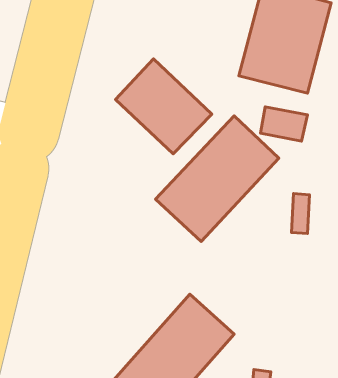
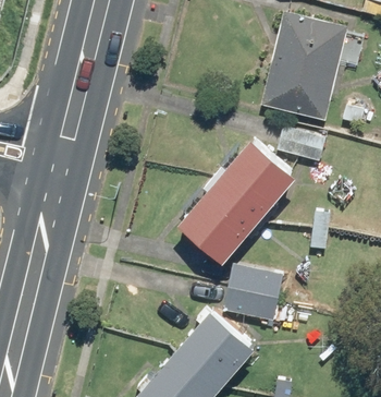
building: [115,59,212,154] -> none
building: none -> [224,267,283,322]

